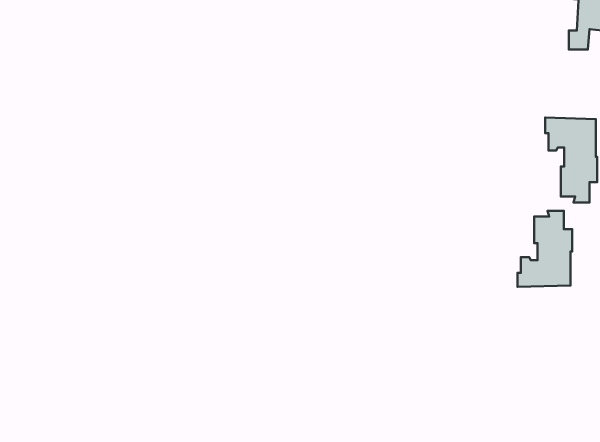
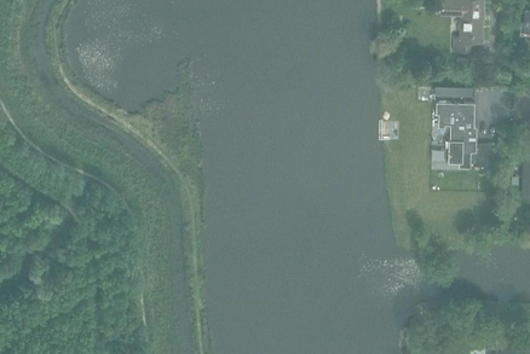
building: [517,211,572,287] -> none

